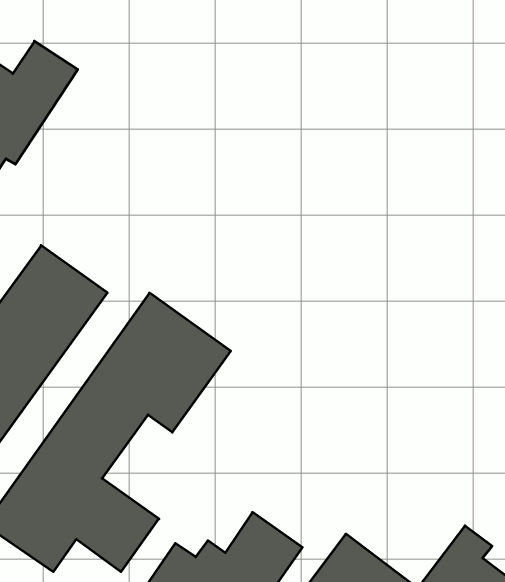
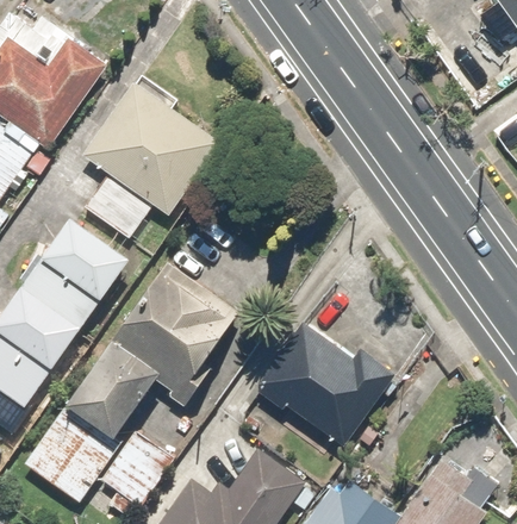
building: none -> [83,83,220,237]
building: none -> [257,320,392,447]

